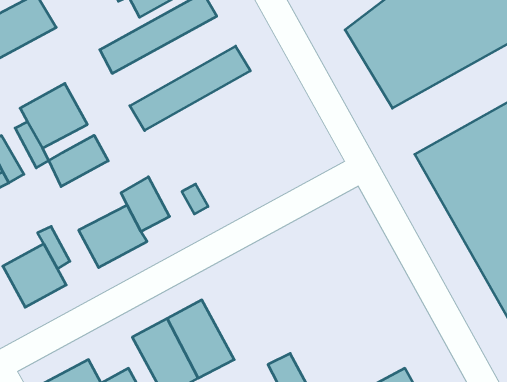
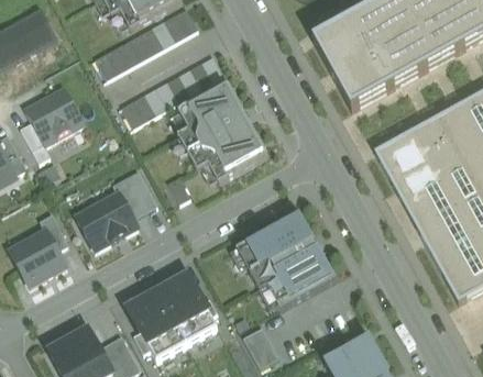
building: none -> [171,80,265,185]
building: [49,135,108,187] -> none
building: none -> [224,204,340,318]

